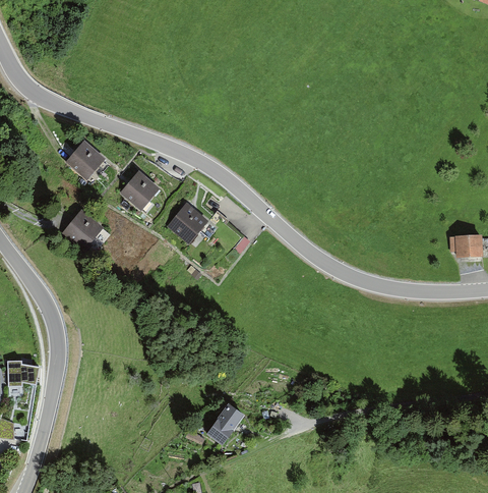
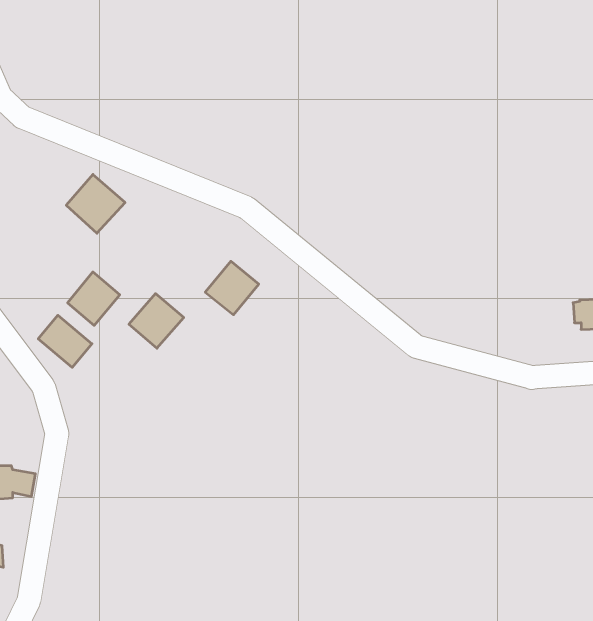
building: [118,171,160,213] -> [129,294,184,348]
building: none -> [38,315,92,367]
building: [207,405,244,445] -> none

